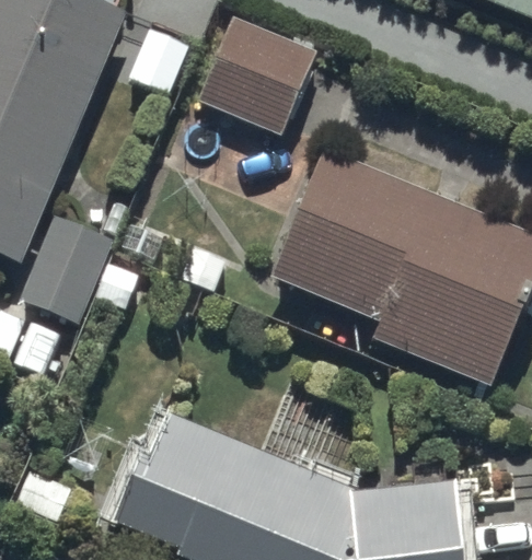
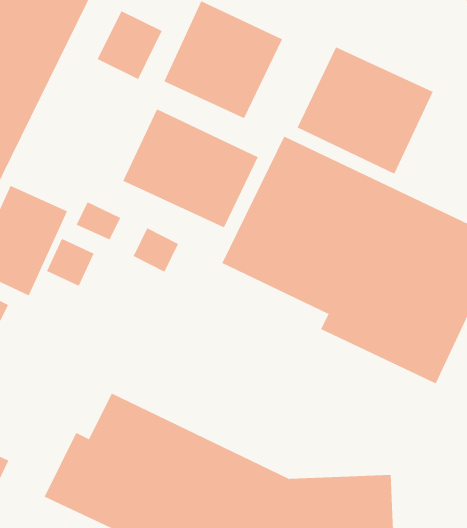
building: none -> [297,47,433,174]
building: none -> [122,108,259,228]

